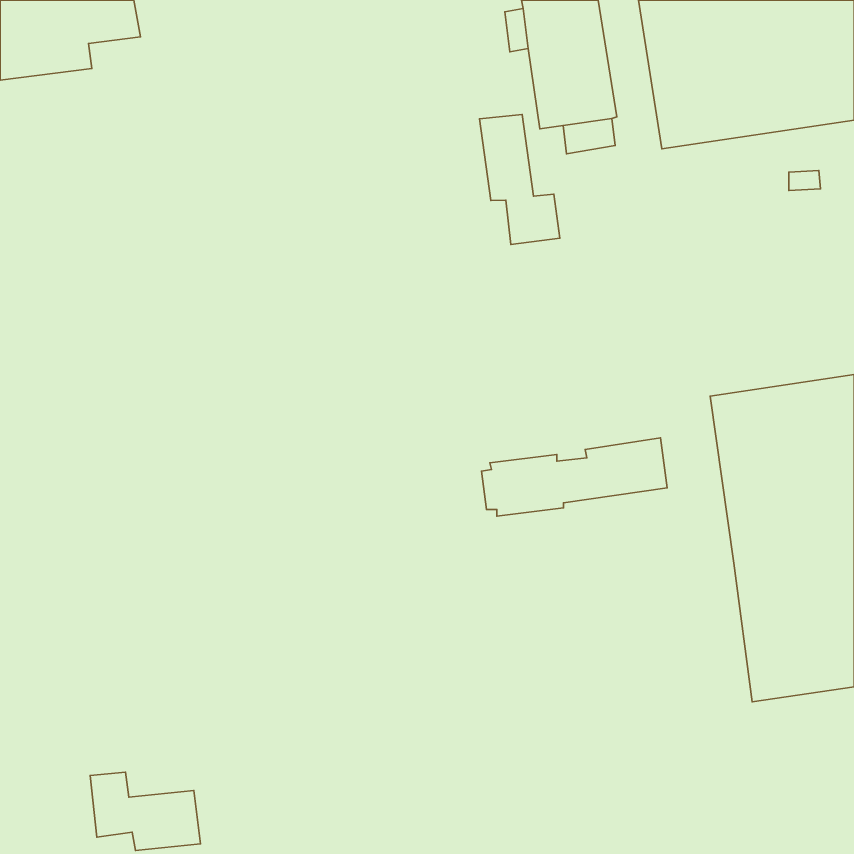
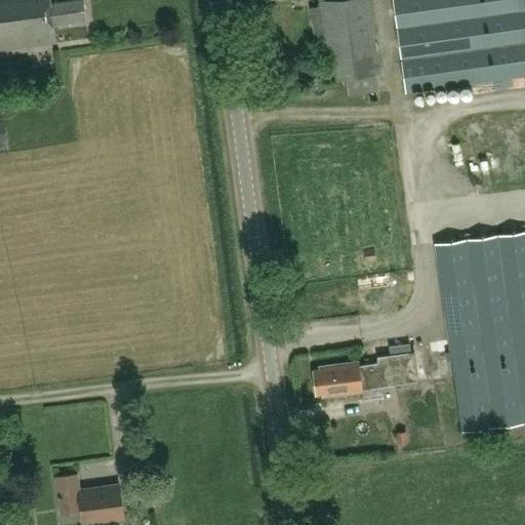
building: [479,115,560,245] -> none
building: [482,438,667,516] -> [313,350,427,398]

